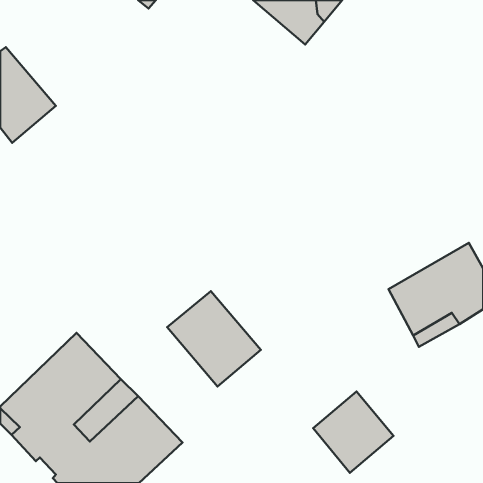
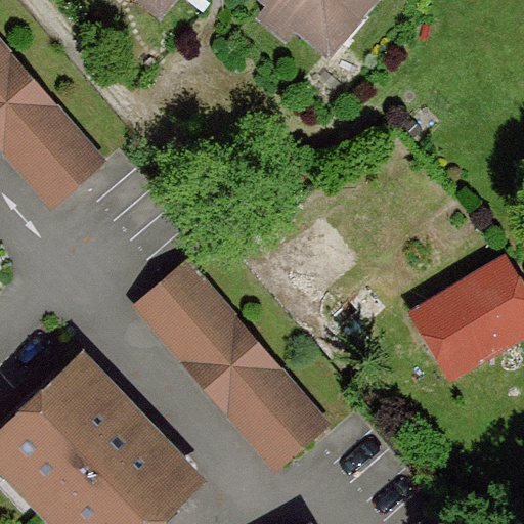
building: none -> [13,115,100,203]
building: none -> [141,267,228,354]
building: [313,391,393,473] -> [235,379,322,467]

